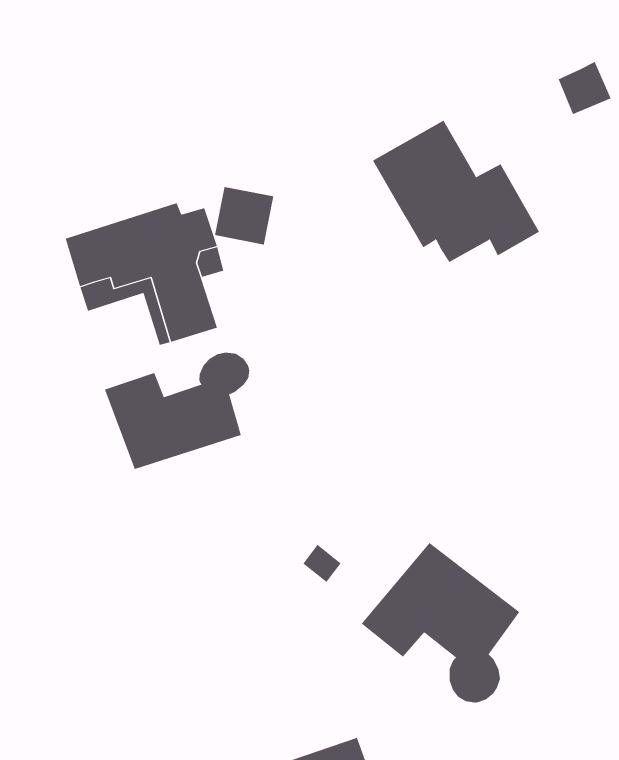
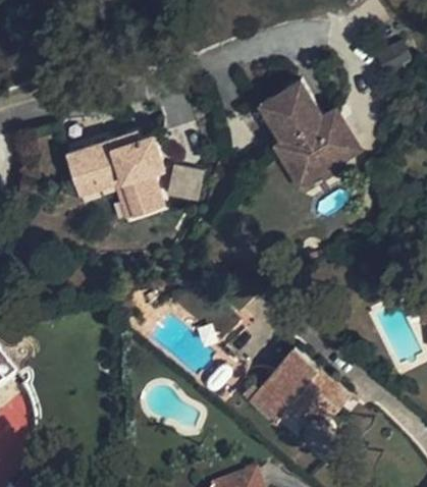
building: [214,187,274,245] -> [167,163,205,200]
building: none -> [272,142,336,188]
building: [104,352,250,470] -> none

